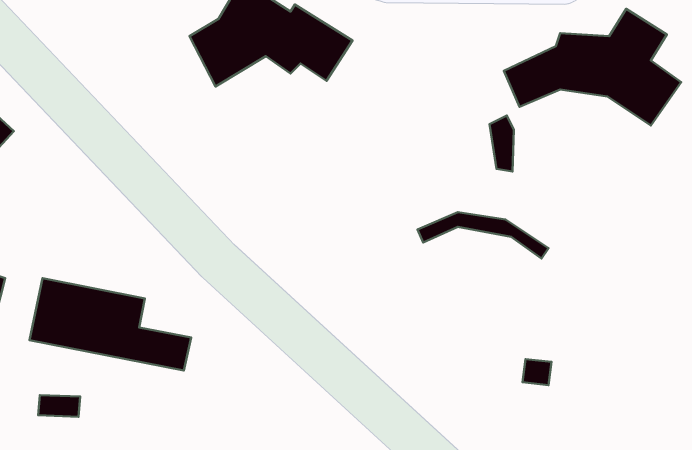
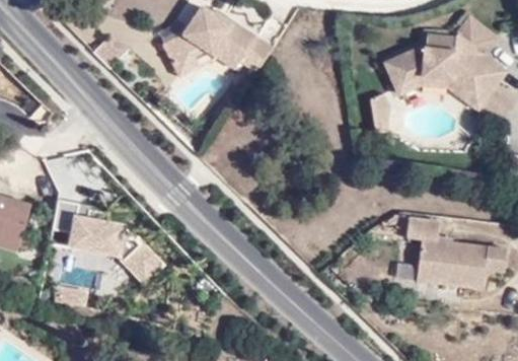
building: [417,212,549,258] -> [391,73,484,105]
building: none -> [408,217,507,292]

